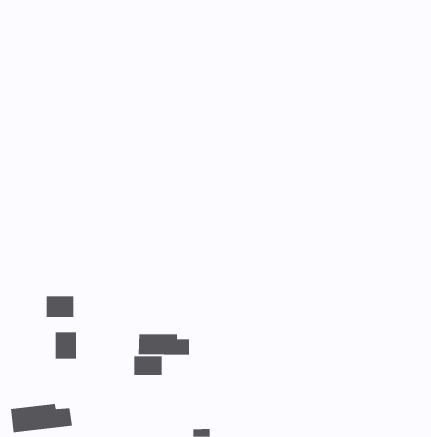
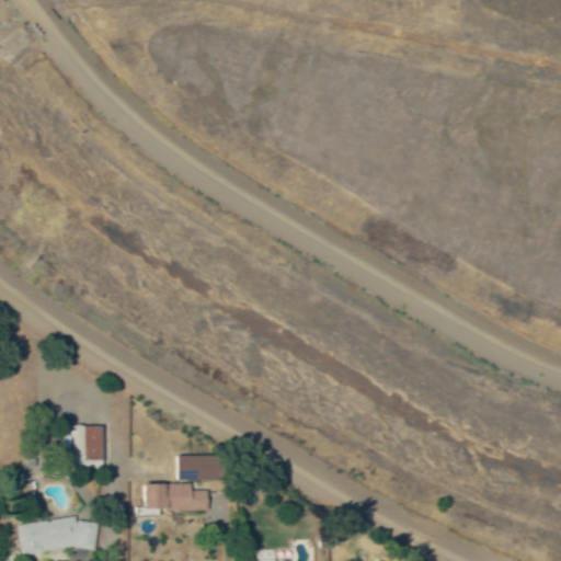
building: [46,296,74,318] -> none
building: [138,334,190,355] -> [144,483,210,511]

